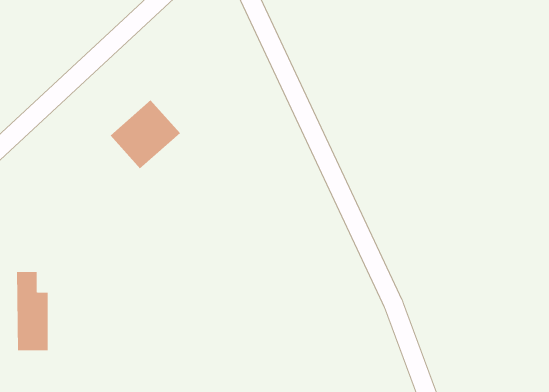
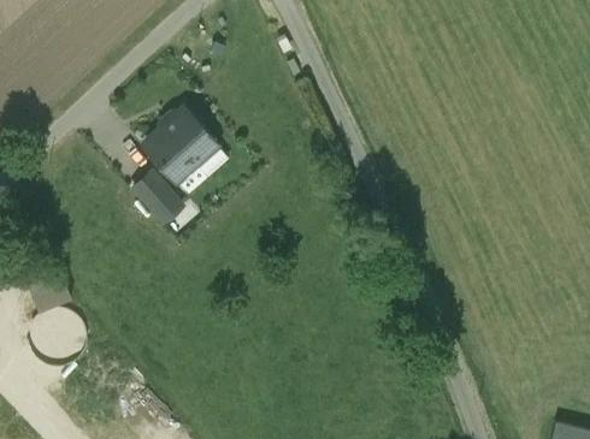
building: none -> [134,173,182,224]

